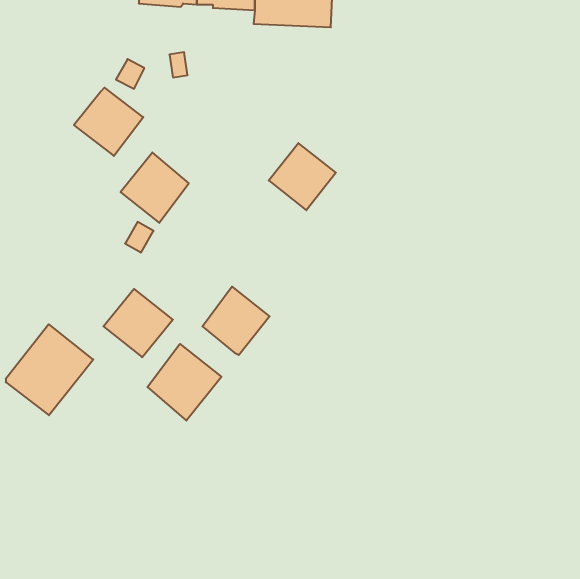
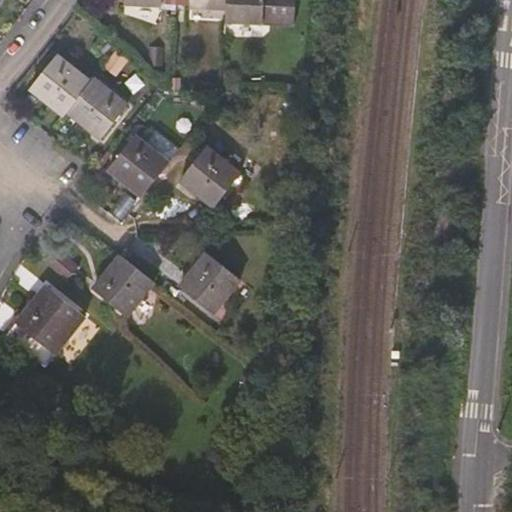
building: none -> [29,53,90,114]
building: [269,143,336,210] -> [180,147,239,206]
building: [147,344,221,421] -> none

